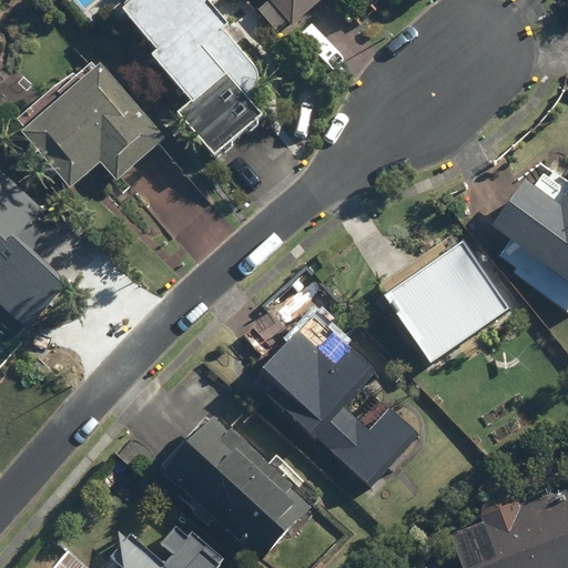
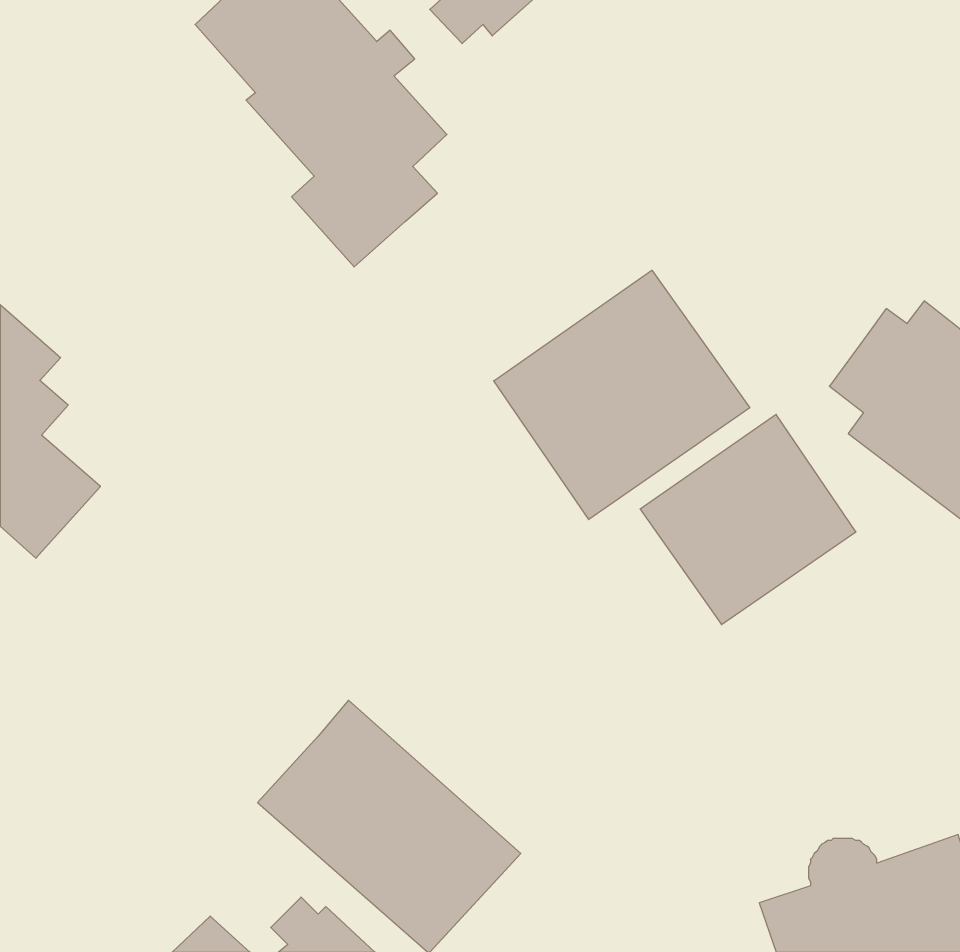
building: [20,62,164,189] -> none
building: none -> [494,270,750,520]
building: [265,317,420,486] -> none

